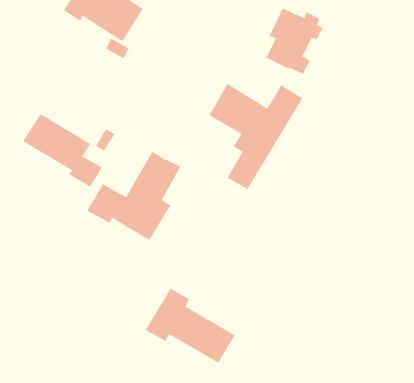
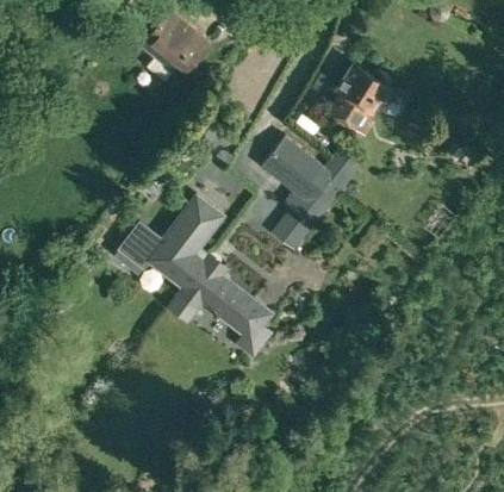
building: [22,113,102,188] -> none
building: [145,288,236,364] -> [178,255,272,341]

